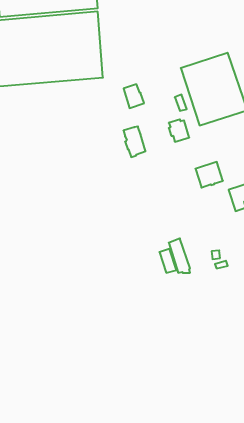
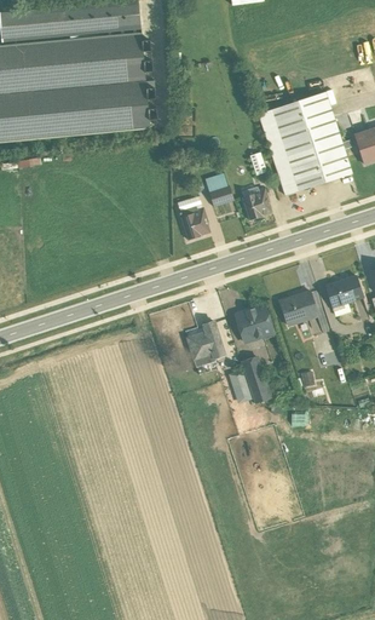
building: [124,84,144,108] -> [204,172,233,206]
building: [195,162,223,188] -> [279,289,318,326]
building: none -> [235,304,273,343]
building: none -> [188,320,224,366]

